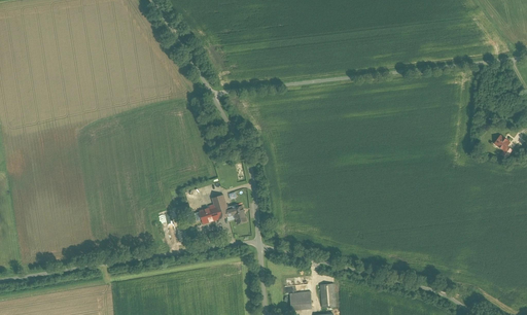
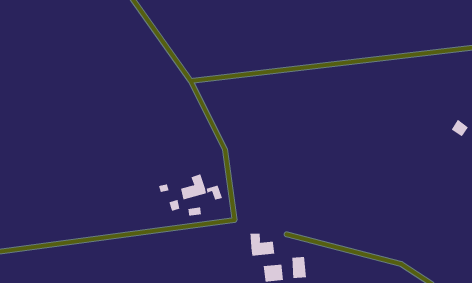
building: none -> [250,233,275,257]

